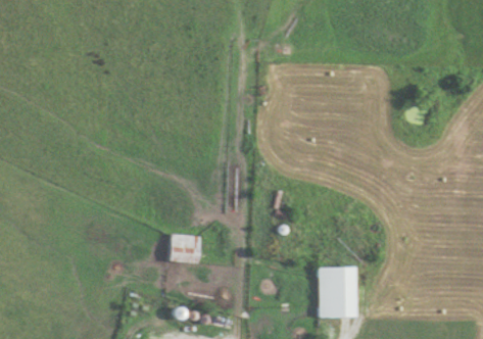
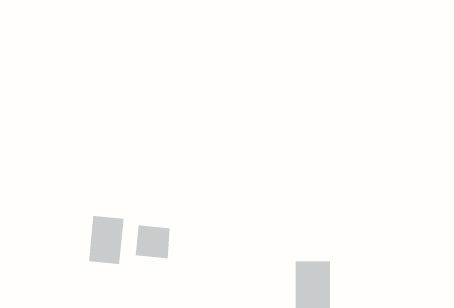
building: none -> [88,215,124,265]

